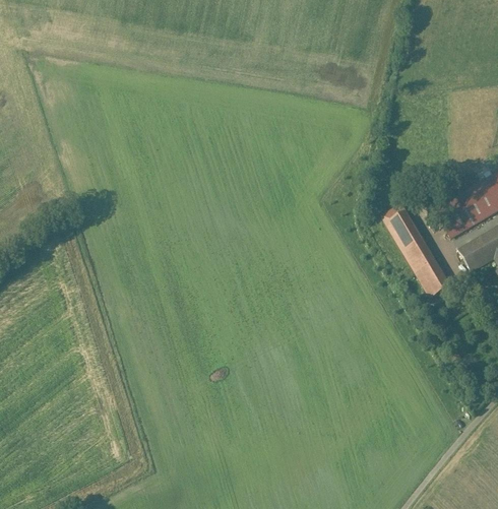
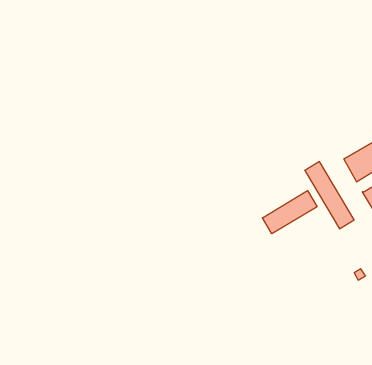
building: none -> [262,191,317,234]

